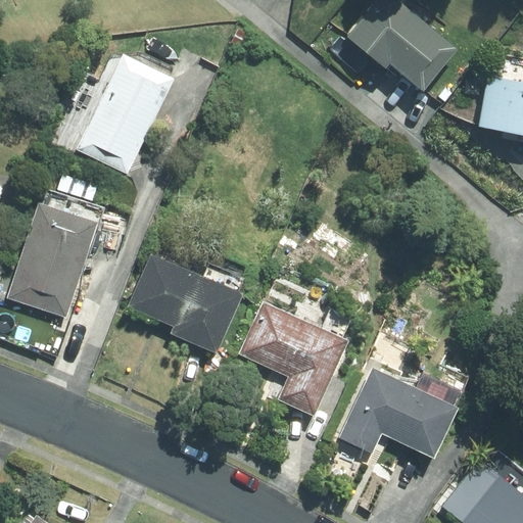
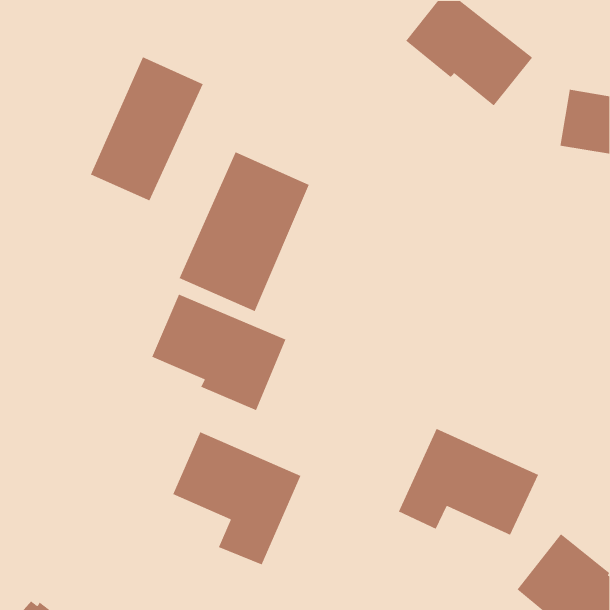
building: none -> [179,151,310,312]
building: [7,201,100,319] -> none
building: [239,301,349,416] -> [172,431,302,565]

